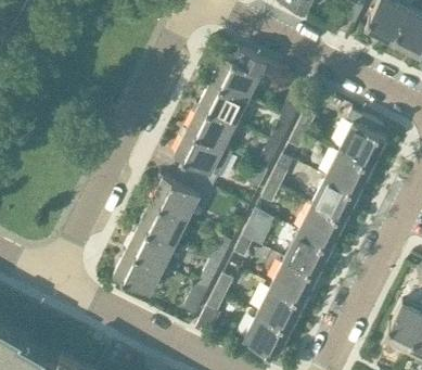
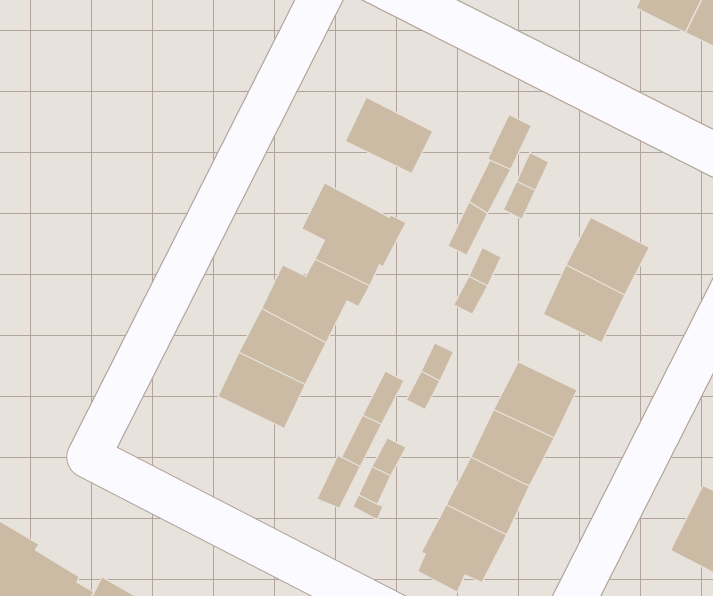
building: [210,49,276,101] -> none
building: [187,106,236,150] -> none
building: [338,123,386,167] -> none
building: [297,205,345,248] -> none
building: [113,252,164,295] -> none

